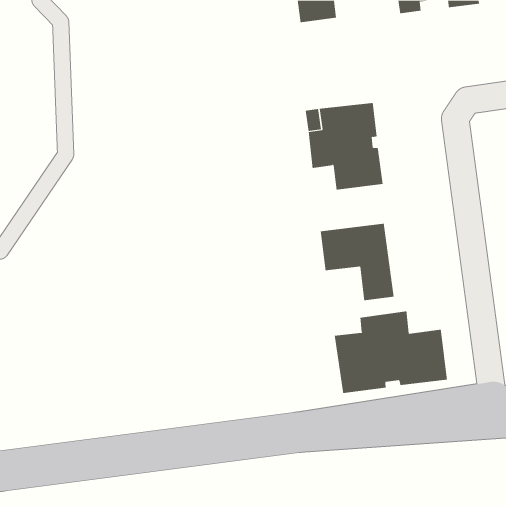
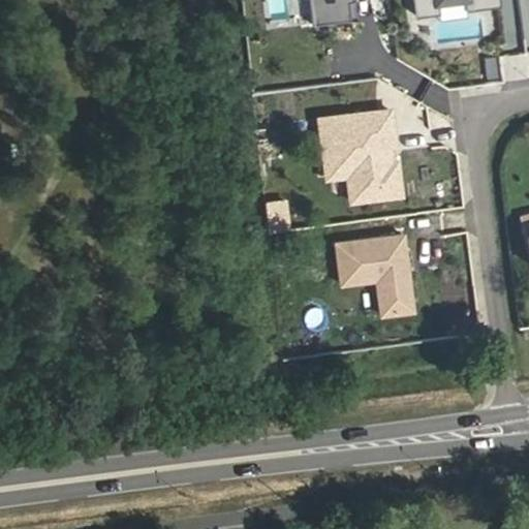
building: [334,311,448,394] -> none

